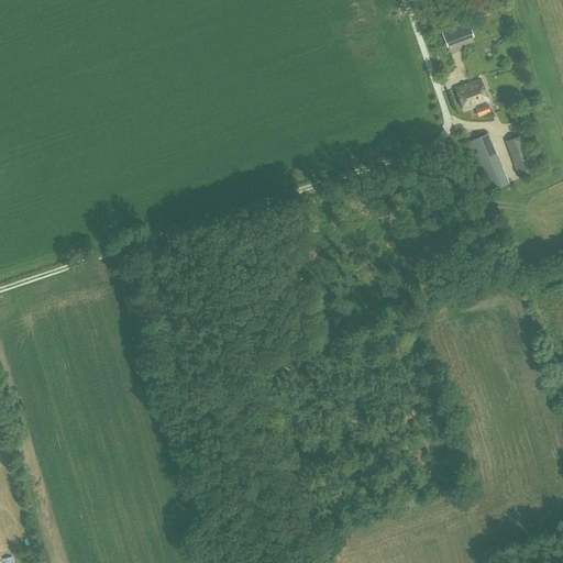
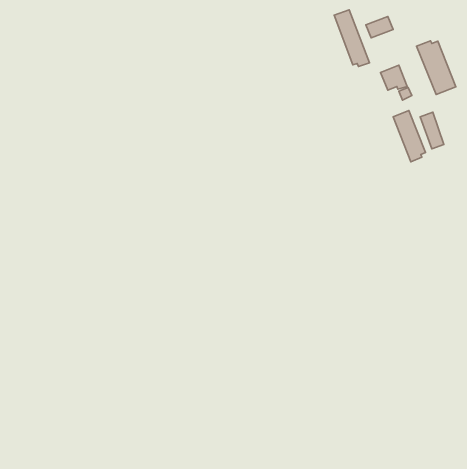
building: none -> [334,10,369,67]
building: none -> [416,41,456,94]

